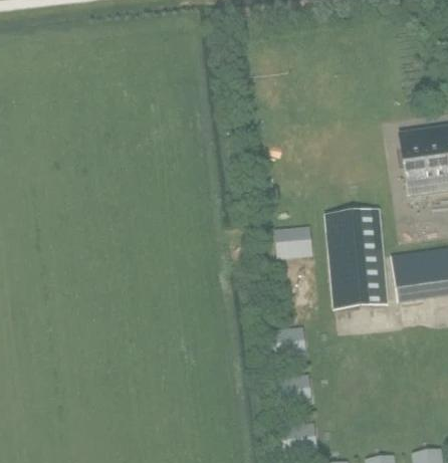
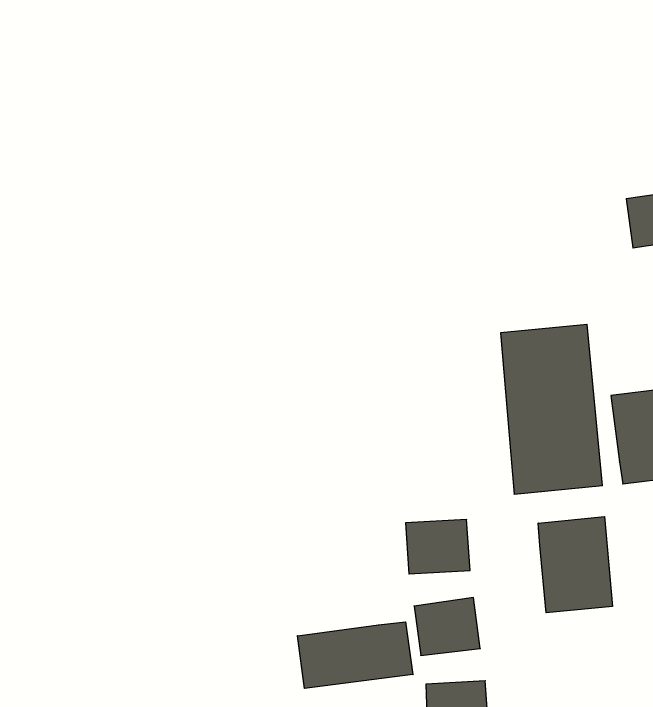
building: [283,233,313,255] -> none
building: none -> [538,517,612,613]
building: none -> [297,622,413,688]

